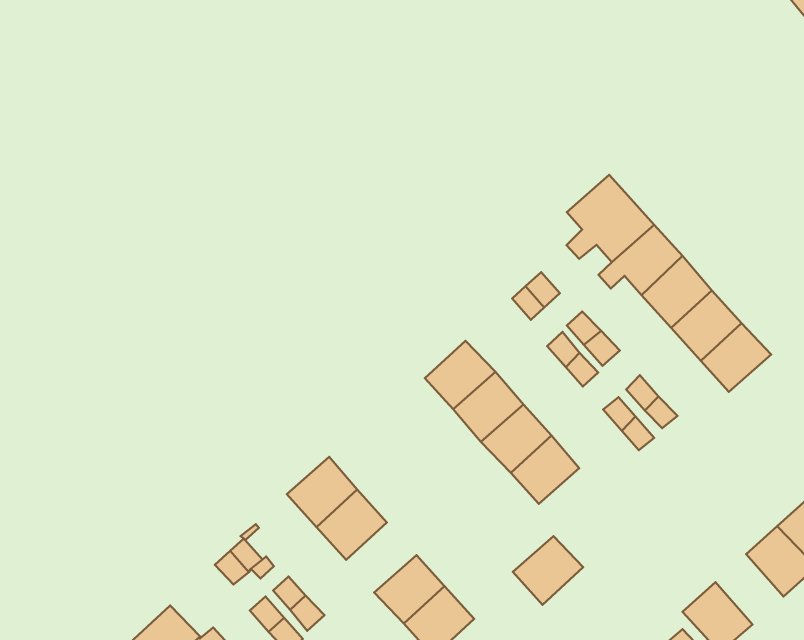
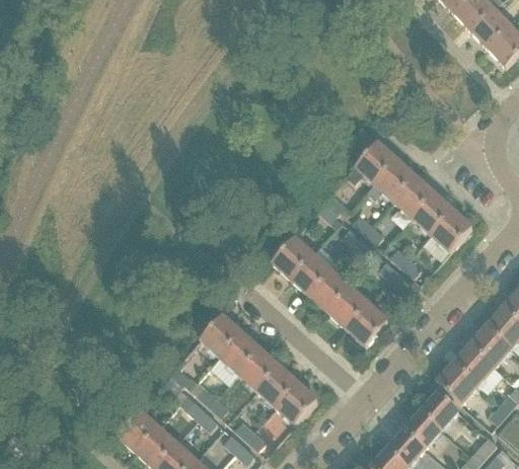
building: none -> [238,348,279,390]
building: [513,536,583,605] -> [347,305,387,345]
building: none -> [454,344,495,385]

